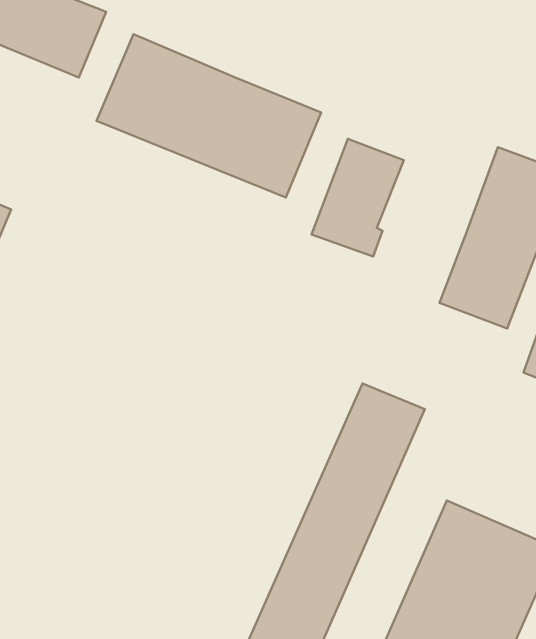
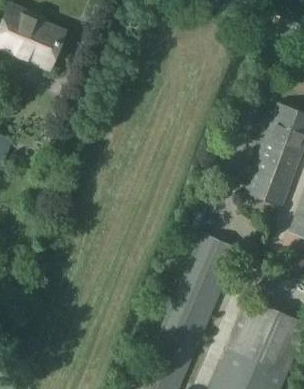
building: [97,34,321,197] -> none
building: [312,139,404,256] -> none

